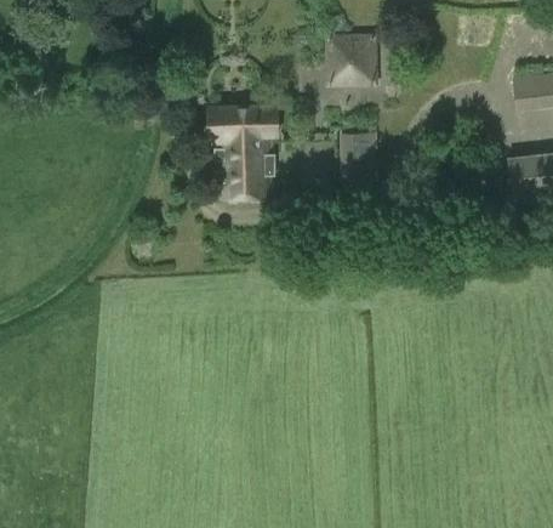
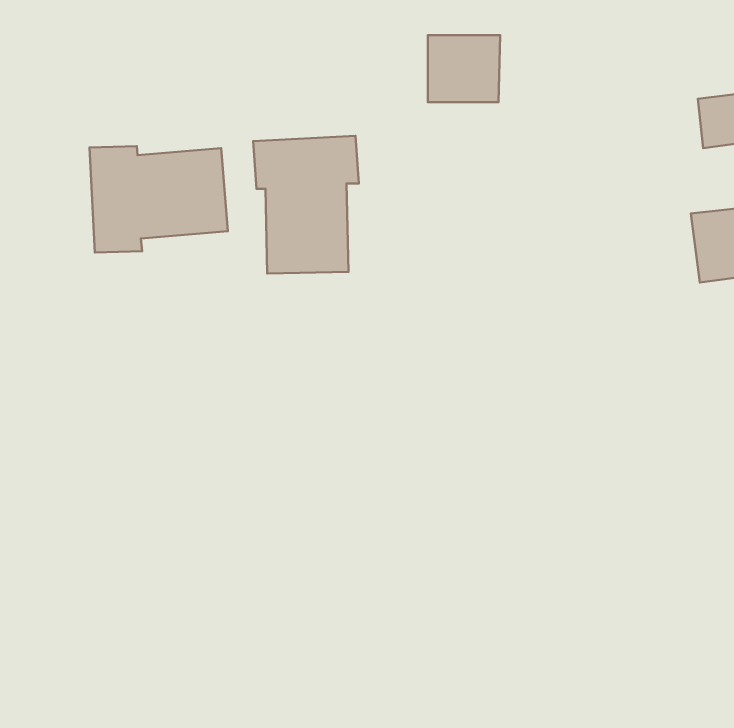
building: none -> [89,146,228,252]
building: [341,130,376,180] -> none

